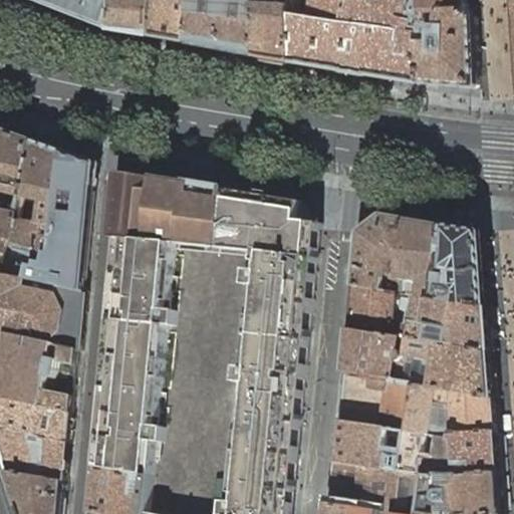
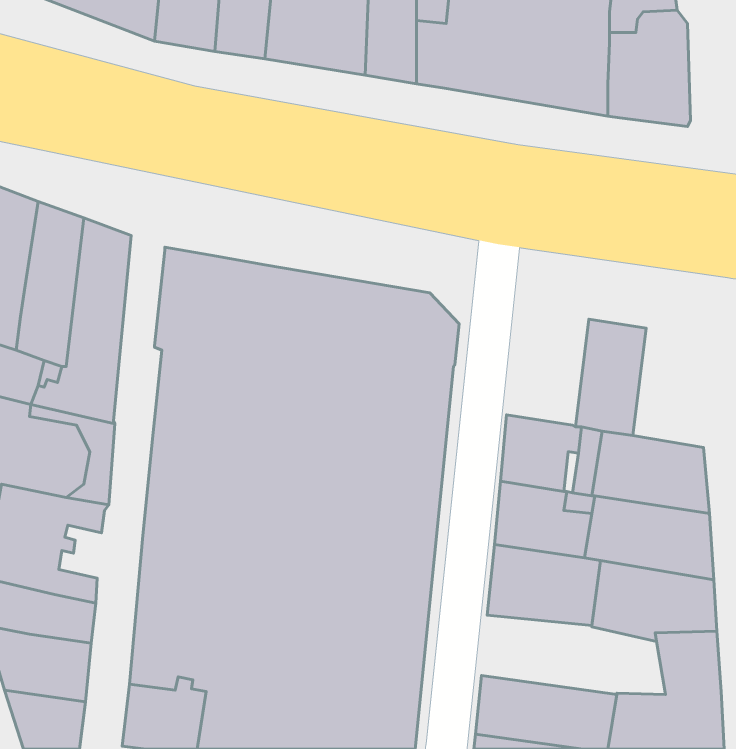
building: [345,213,402,291] -> none
building: [432,224,480,305] -> none
building: [328,420,454,474] -> none

